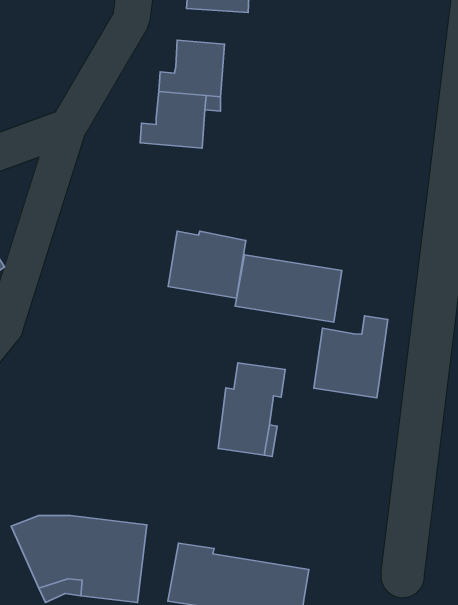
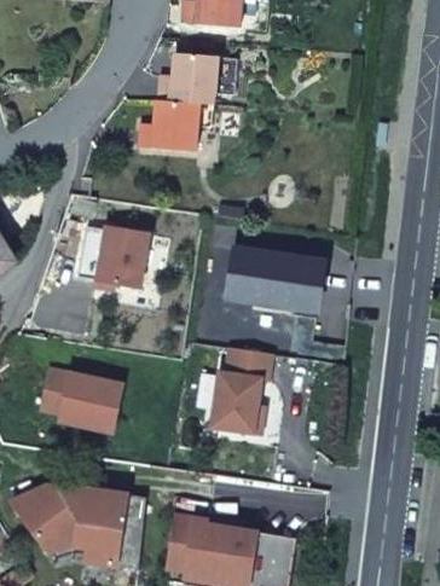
building: [168,231,246,298] -> [77,226,149,288]
building: [314,316,388,398] -> none
building: none -> [40,367,122,431]

